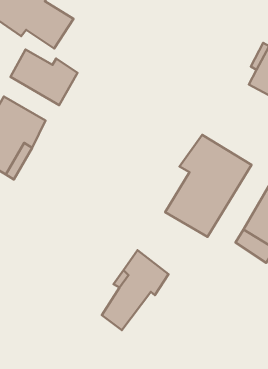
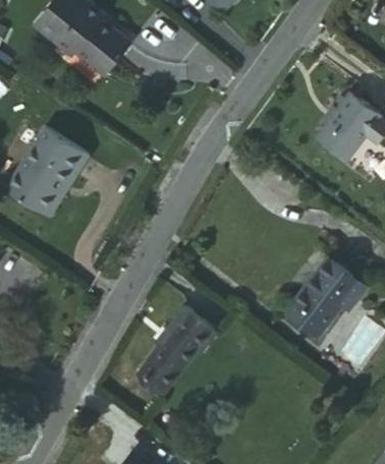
building: [11,49,78,105] -> none
building: [165,135,252,237] -> none

